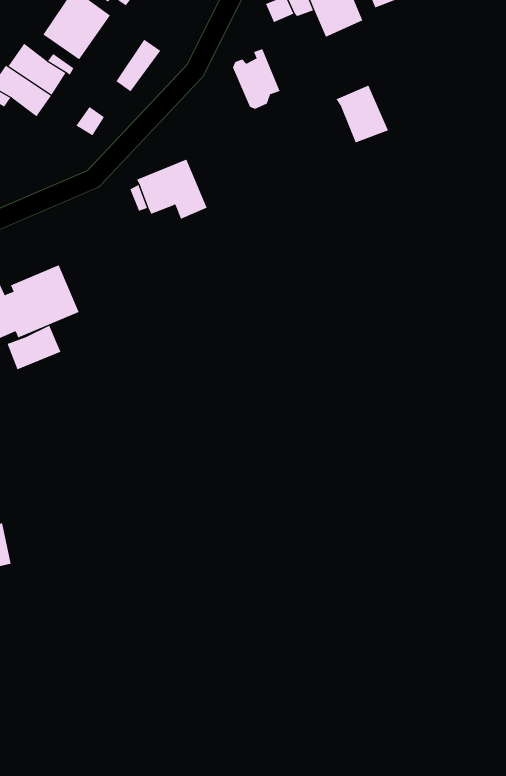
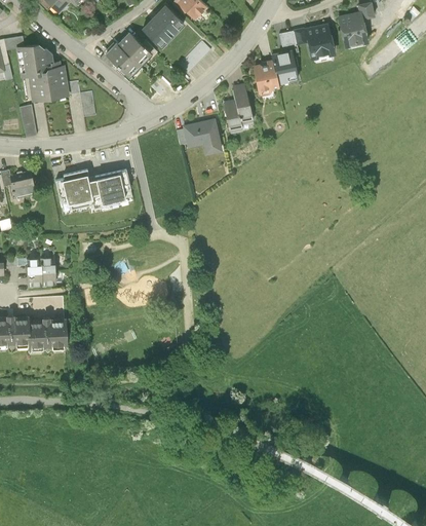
building: [336,85,389,143] -> [270,49,299,83]
building: none -> [224,83,253,129]
building: [7,325,61,370] -> none

